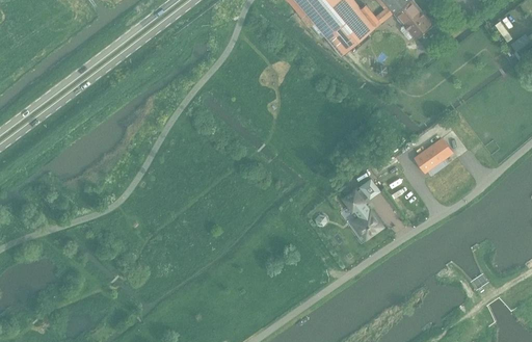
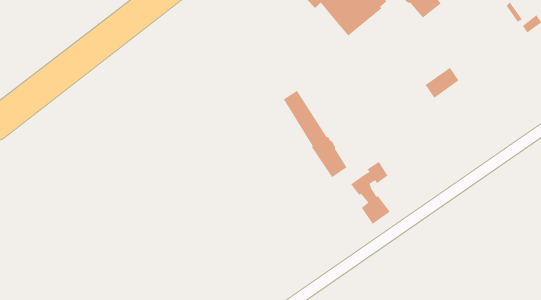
building: none -> [283,90,347,178]
building: [416,139,450,170] -> [424,67,460,99]

